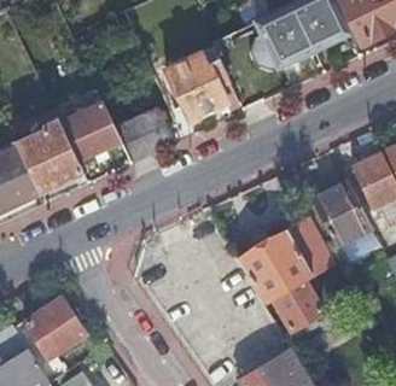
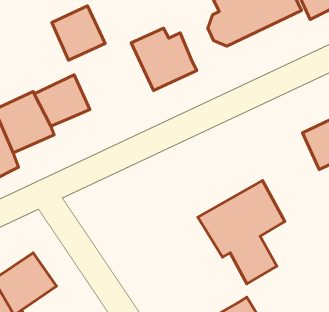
building: [116,103,174,162] -> [52,6,105,60]
building: [310,179,371,244] -> none

